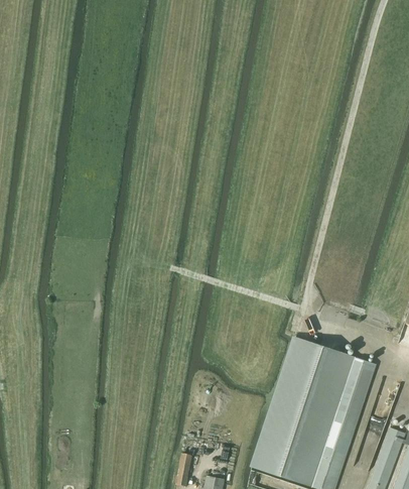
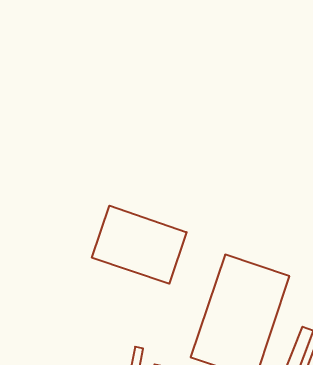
building: none -> [92,206,187,284]

